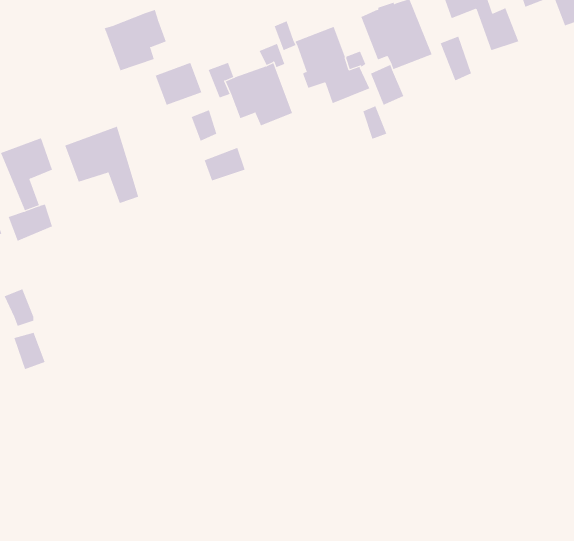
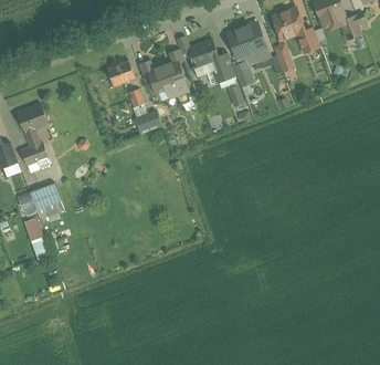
building: [104,9,166,71] -> none
building: [64,126,139,204] -> none
building: none -> [29,182,60,209]

